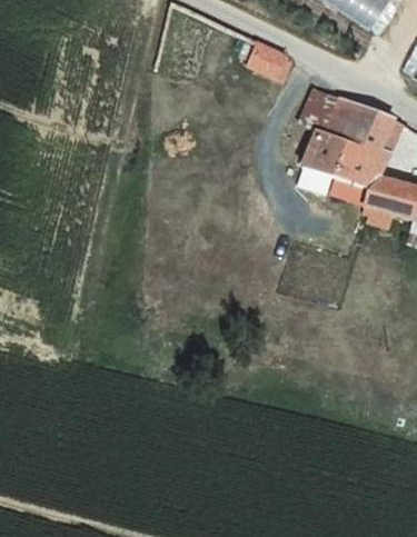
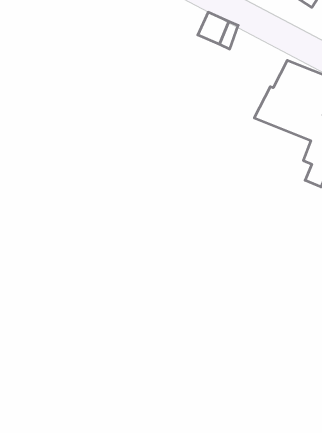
building: [298,83,344,128] -> none

